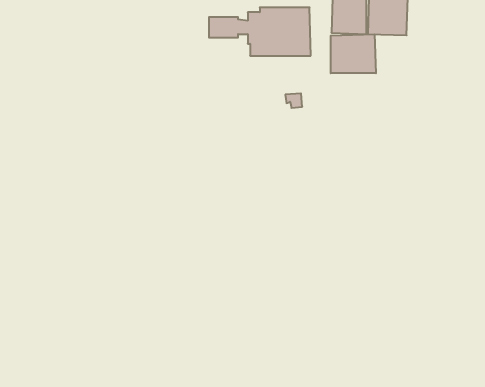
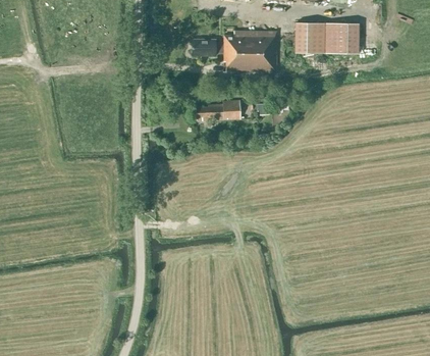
building: [331,34,376,73] -> none
building: none -> [197,100,243,120]

